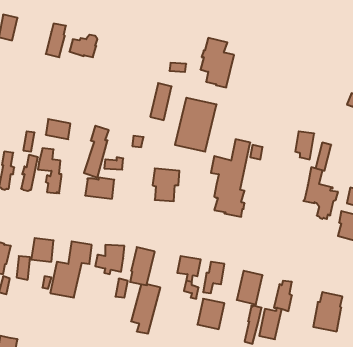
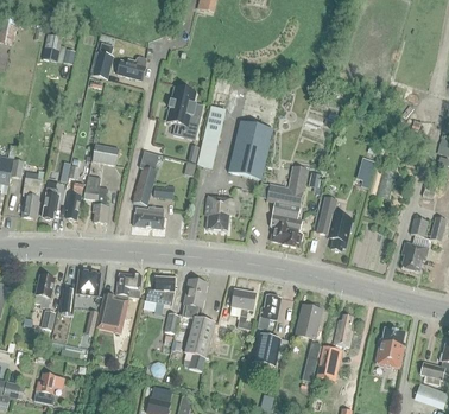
building: [200,38,234,87] -> [166,87,202,139]
building: [303,167,338,219] -> [316,196,353,250]

